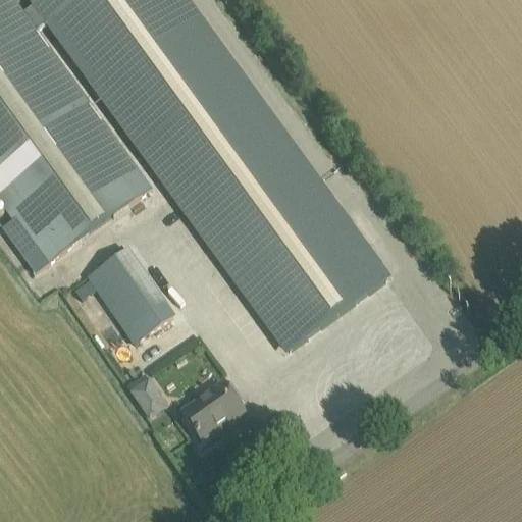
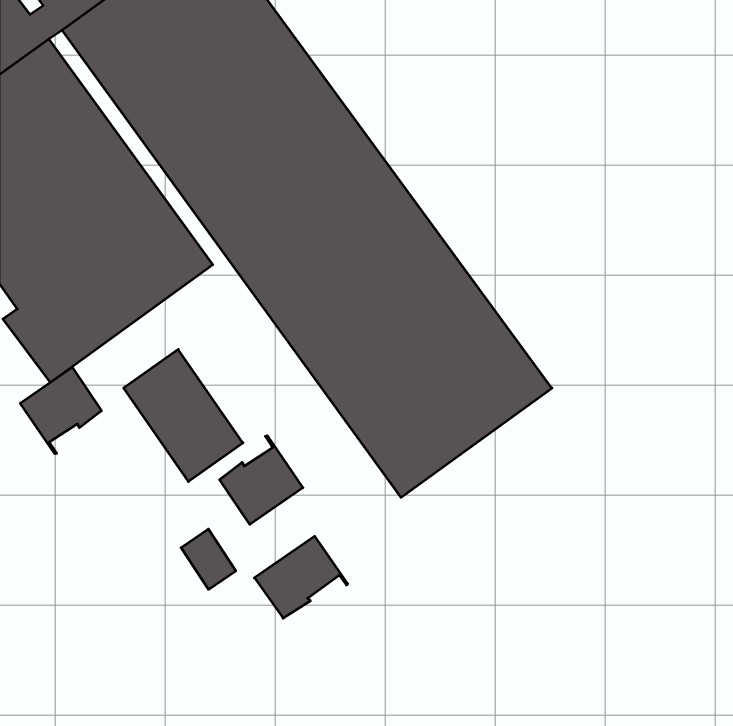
building: none -> [20,367,101,454]
building: none -> [220,436,303,524]

